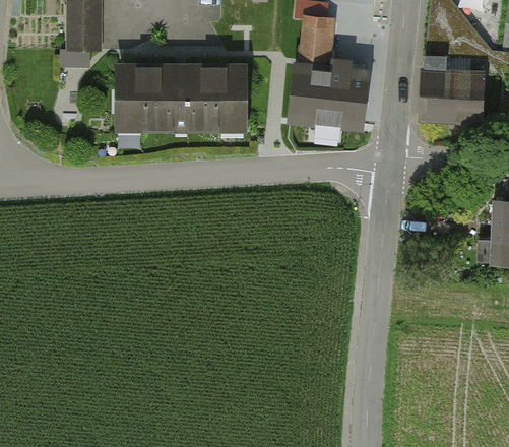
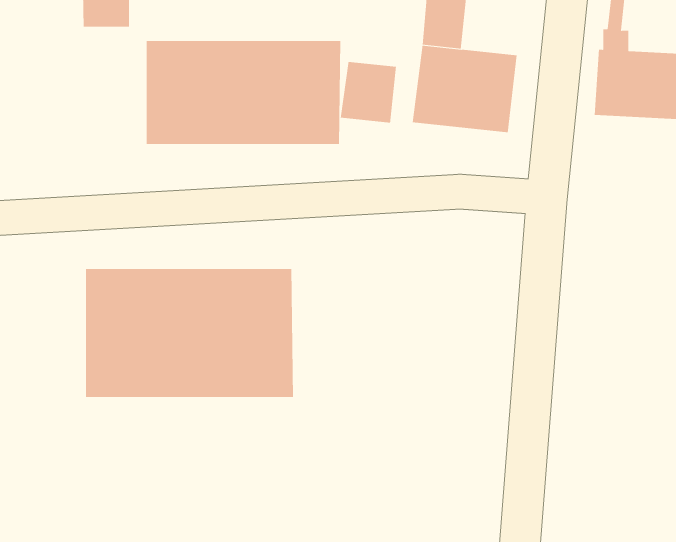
building: none -> [340,61,397,123]
building: none -> [85,268,293,398]

